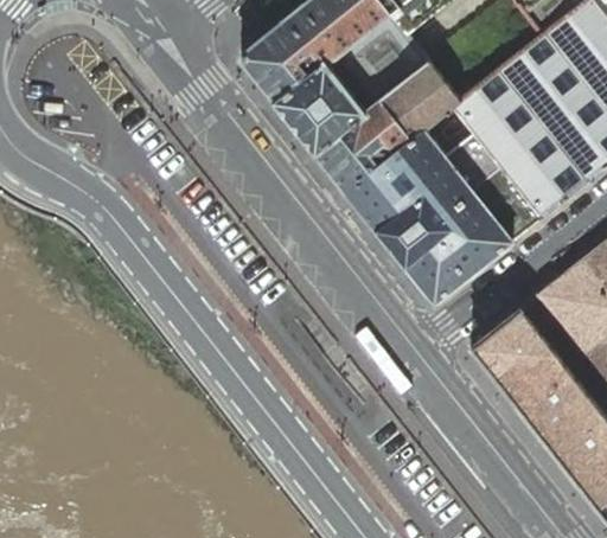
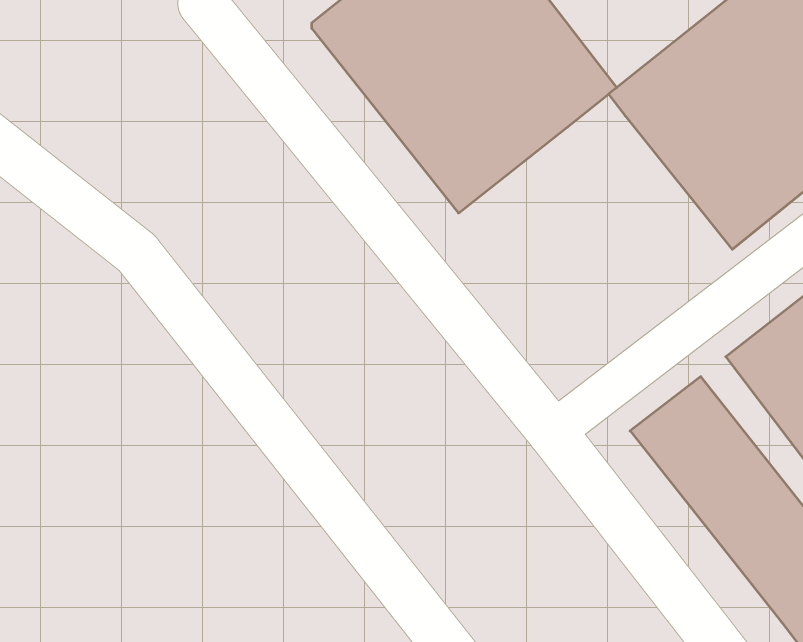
building: [346,107,543,303] -> none

